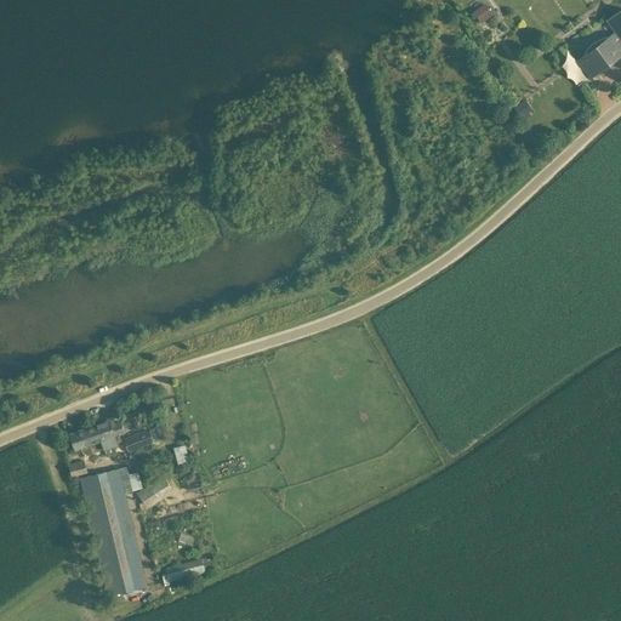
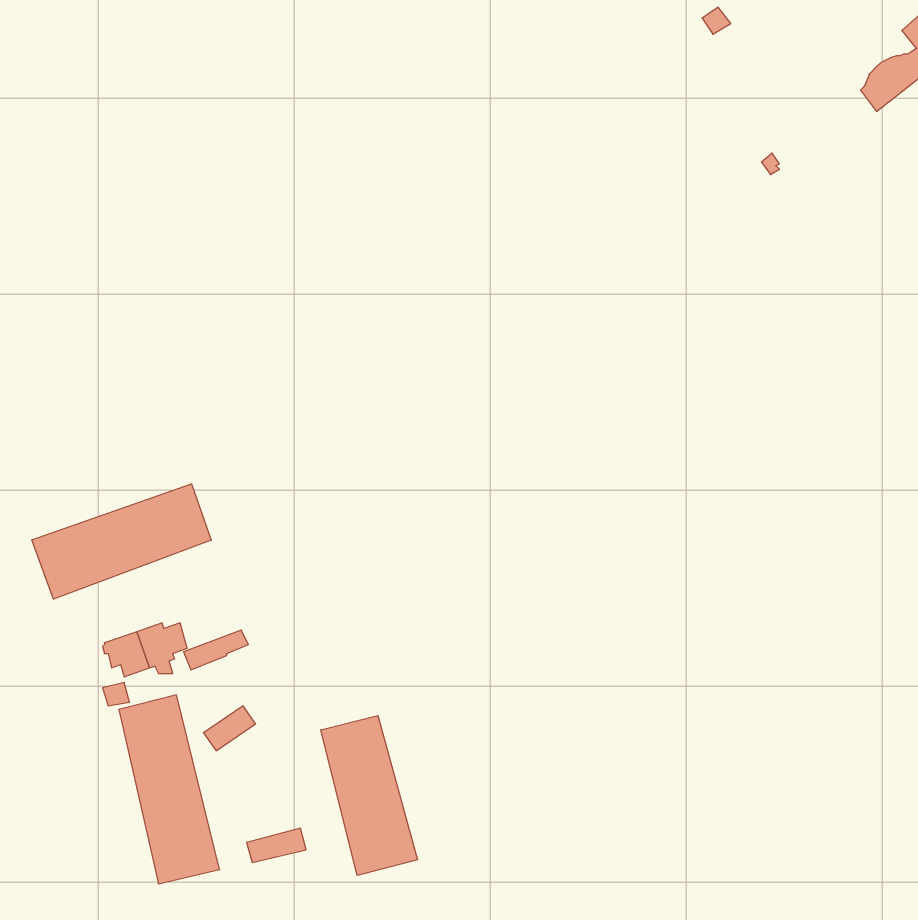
building: none -> [32,484,211,599]
building: none -> [321,716,418,875]

